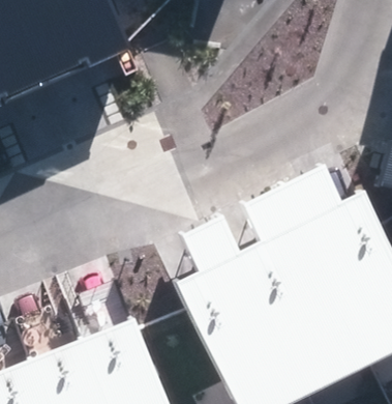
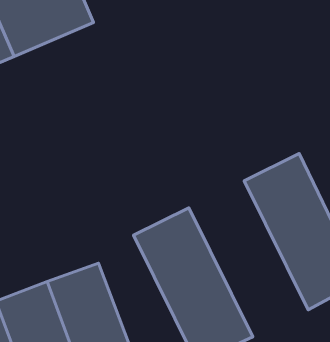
building: [236,225,363,392] -> none

